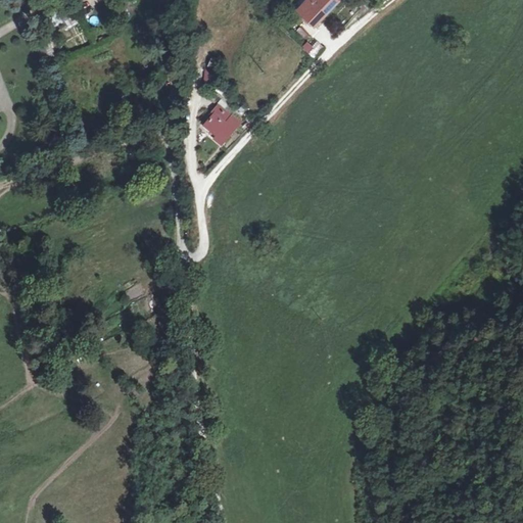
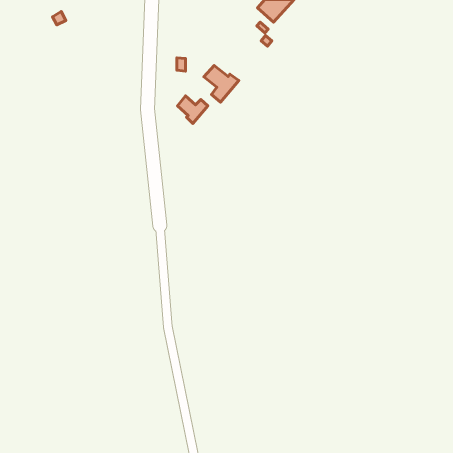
building: none -> [204,65,239,102]

